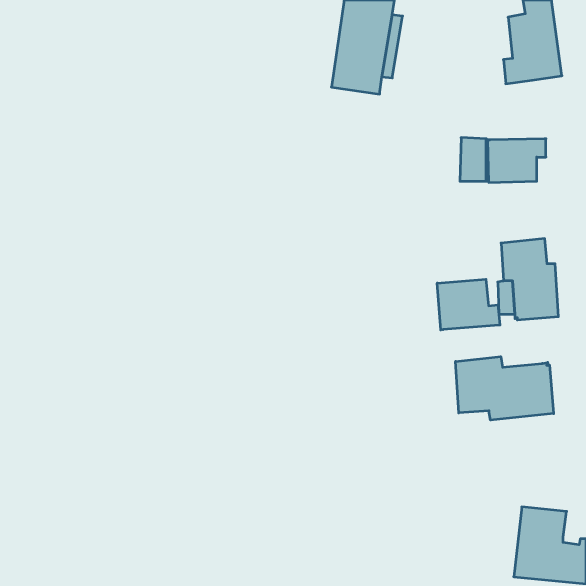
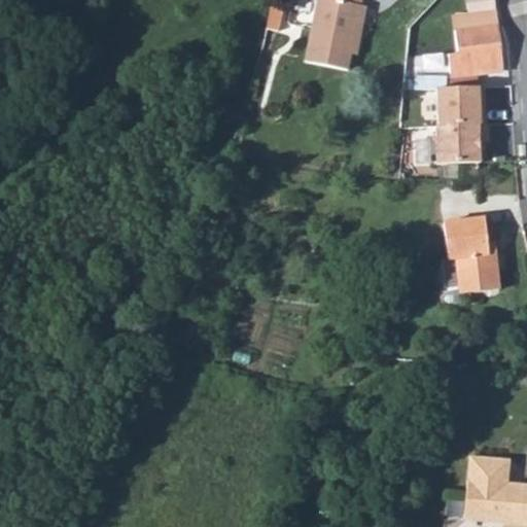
building: none -> [437,85,489,126]
building: [437,279,500,330] -> none
building: [456,357,554,420] -> none

